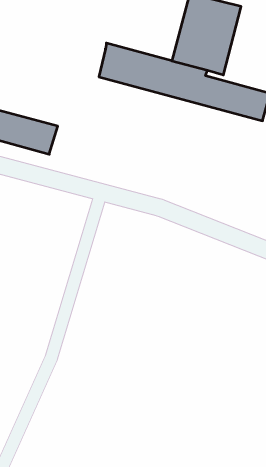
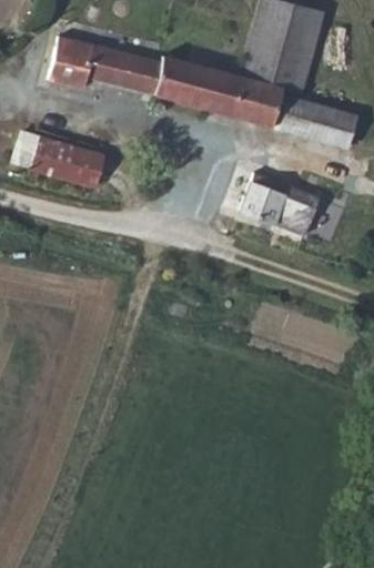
building: none -> [49,36,162,95]
building: none -> [241,172,320,235]

